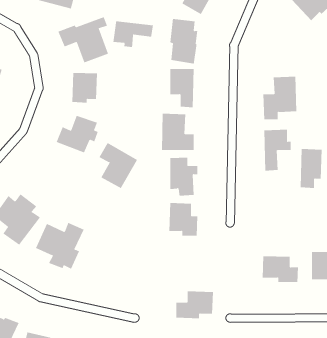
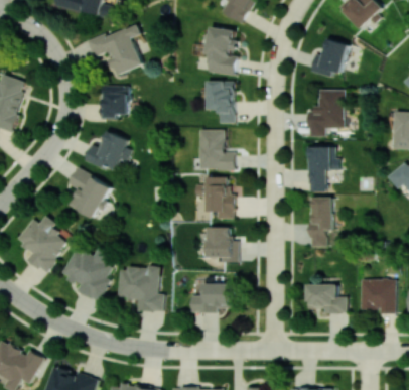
building: [113,21,154,48] -> none
building: none -> [310,39,349,78]
building: [99,142,138,189] -> [67,168,110,219]
building: [300,148,322,188] -> [308,198,332,241]
building: none -> [118,266,164,312]
building: [176,291,214,319] -> [190,283,232,313]

